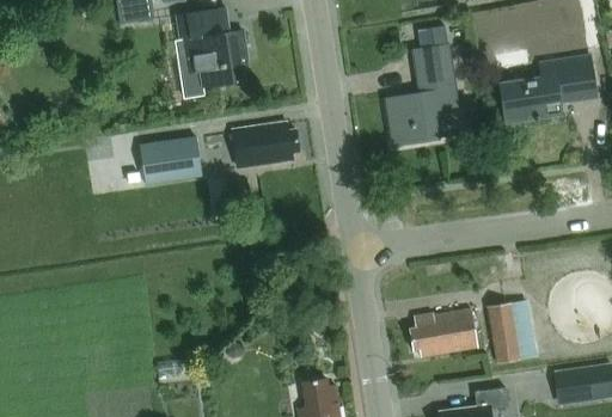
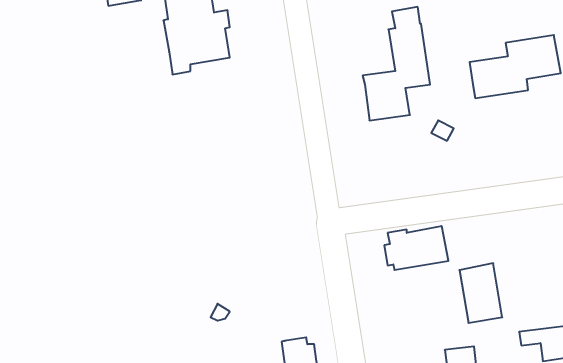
building: [233,124,299,170] -> none
building: [139,139,201,186] -> none
building: [410,308,478,355] -> [384,226,448,270]

